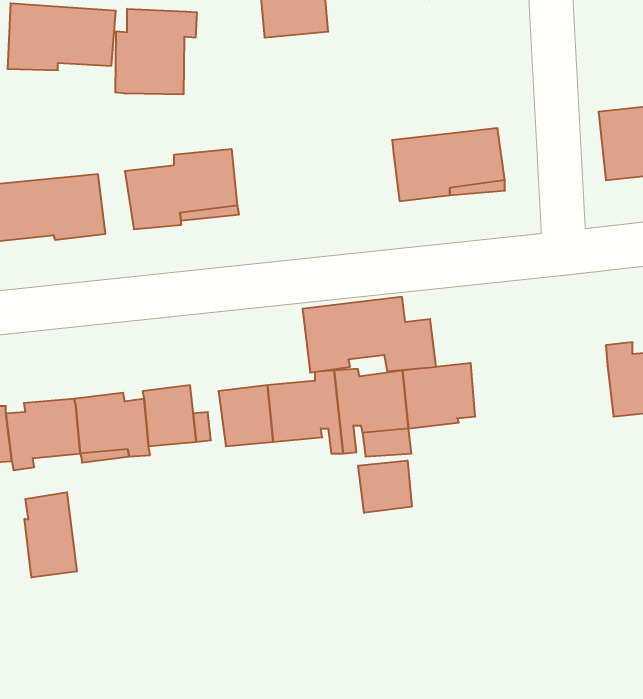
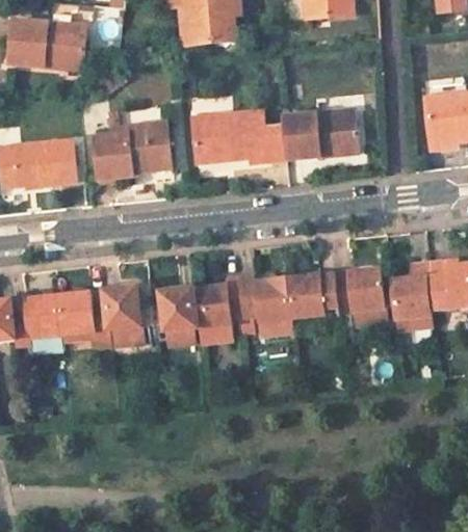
building: [116,9,197,94] -> none
building: [303,297,436,373] -> [190,110,284,163]
building: none -> [387,261,430,329]
building: none -> [334,268,384,313]
building: [358,460,412,513] -> none
building: [25,492,77,578] -> none

